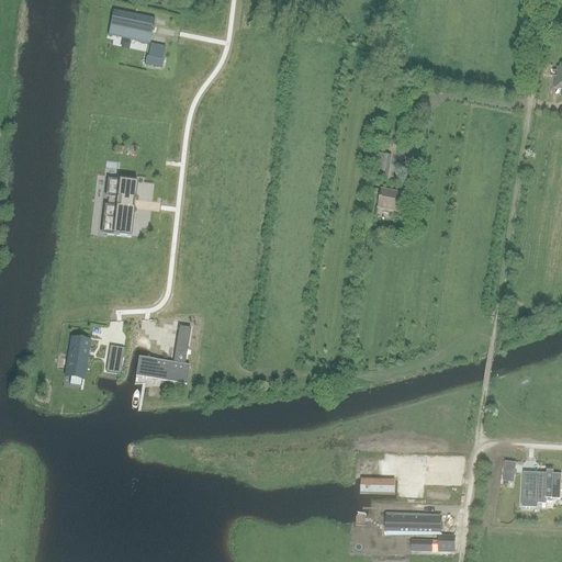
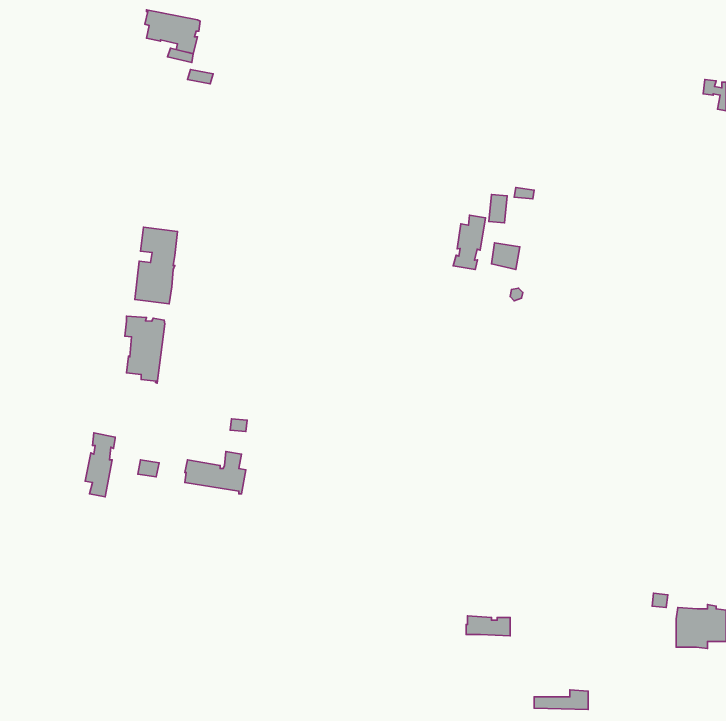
building: none -> [453,215,485,270]
building: none -> [125,316,165,383]
building: [387,513,441,531] -> none

